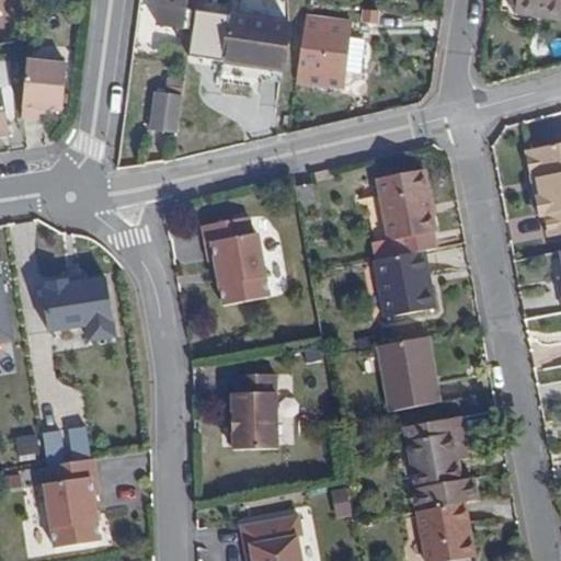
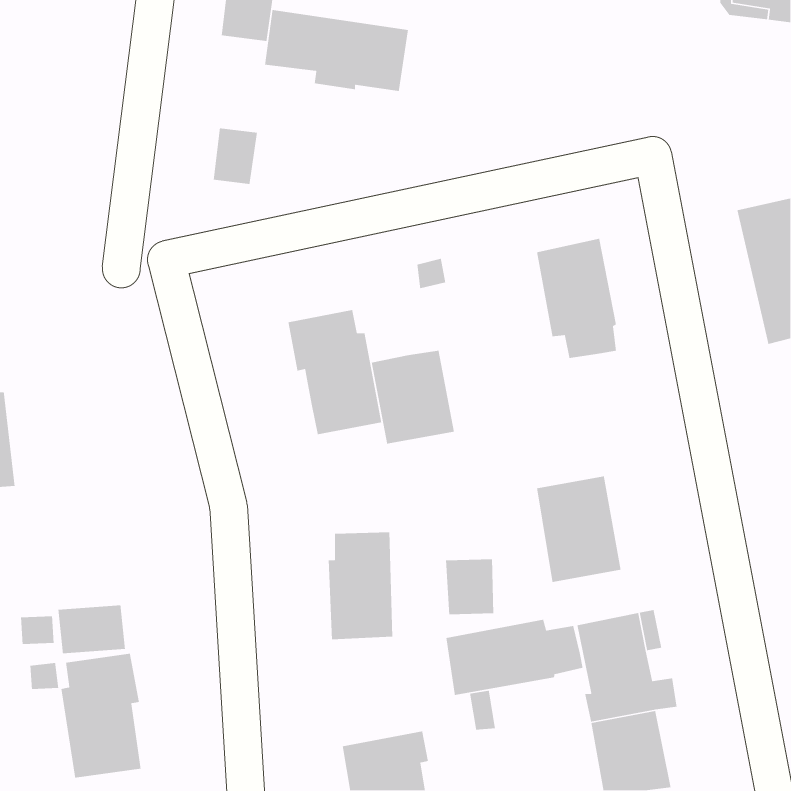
building: [306,15,362,87] -> none
building: [16,62,61,123] -> none
building: [375,250,434,317] -> [371,350,455,445]
building: [43,273,116,340] -> none
building: none -> [445,558,494,615]
building: none -> [446,619,583,696]

